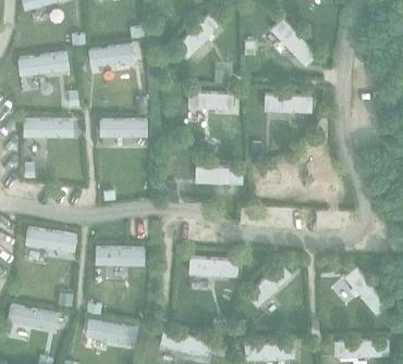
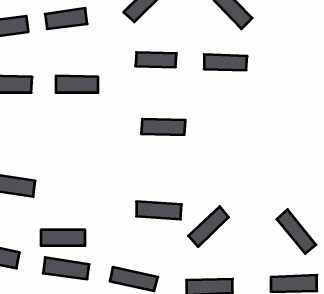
building: [95,248,144,265] -> [41,230,85,246]

